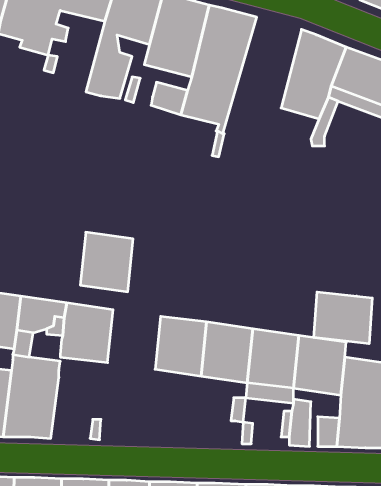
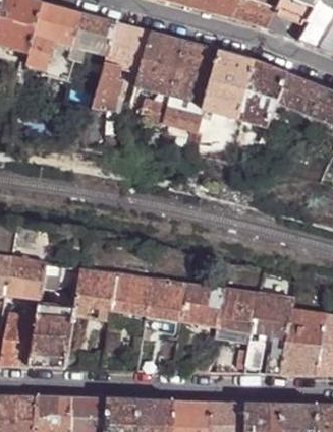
building: none -> [203,51,254,119]
building: [80,232,133,292] -> [108,270,148,315]
building: [314,292,372,344] -> none

